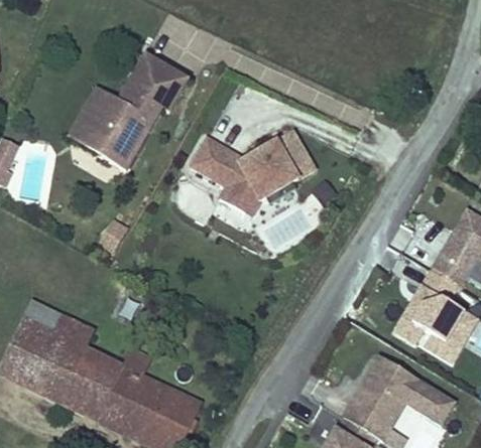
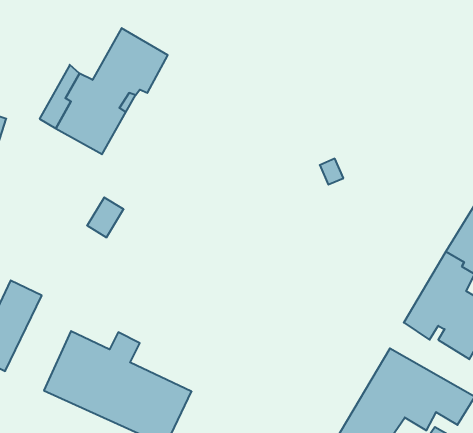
building: [192,134,323,219] -> none
building: [21,309,90,398] -> none

